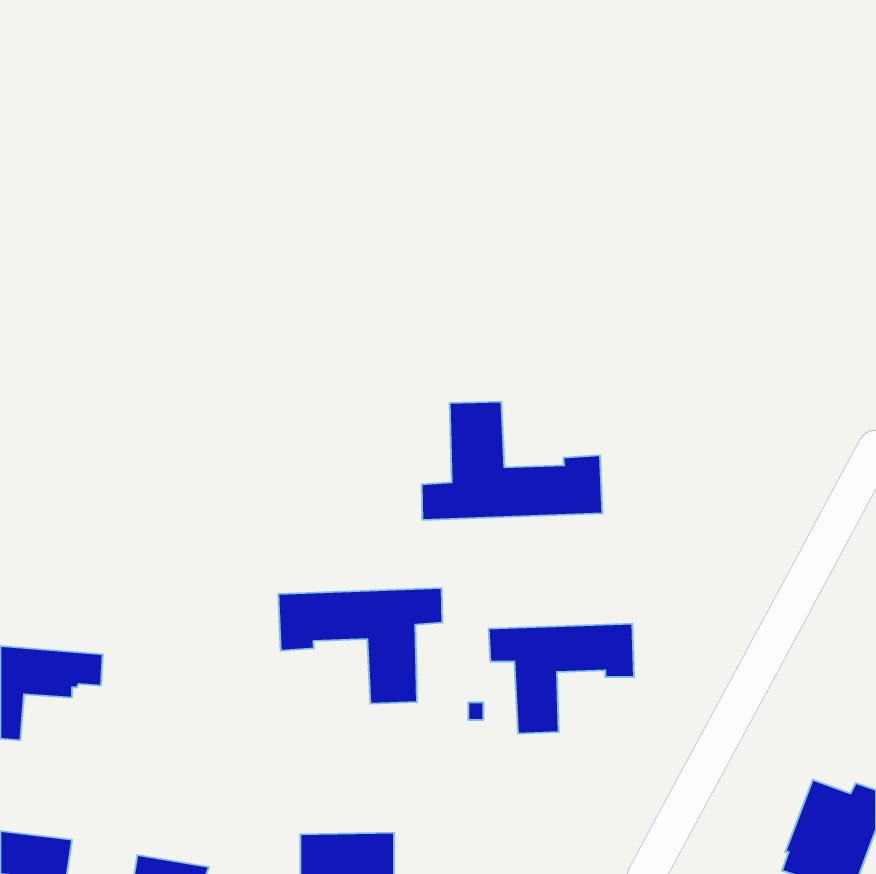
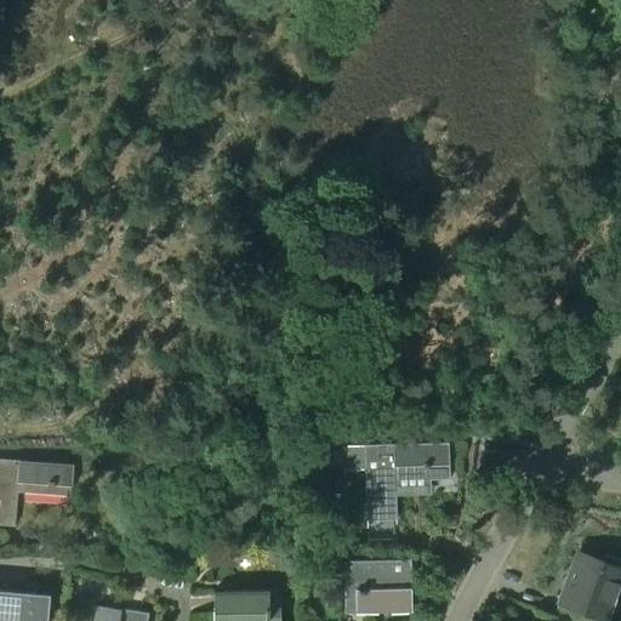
building: [422,401,602,520] -> none
building: [279,588,442,704] -> none
building: none -> [342,560,411,614]

